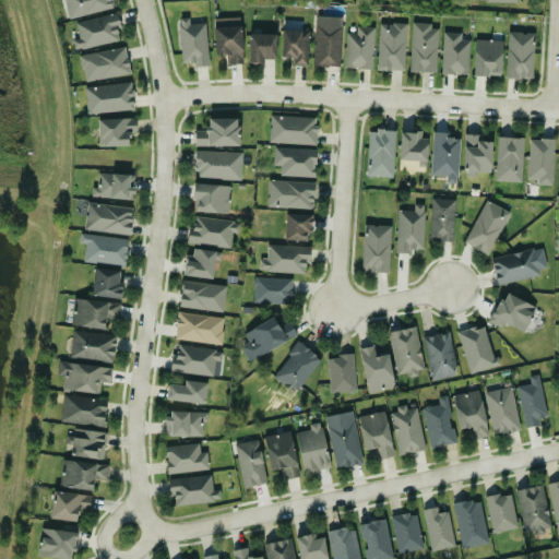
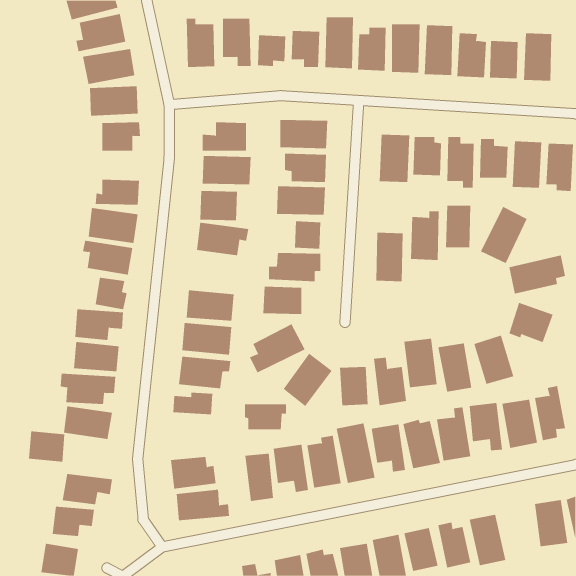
building: [186,250,215,278] -> none
building: [167,411,209,436] -> [244,404,287,430]
building: [71,428,107,459] -> [28,431,65,462]
building: [486,491,519,533] -> none

